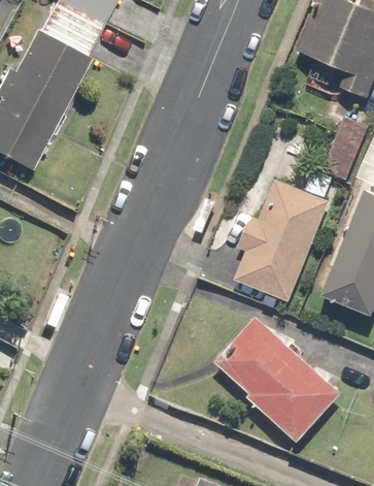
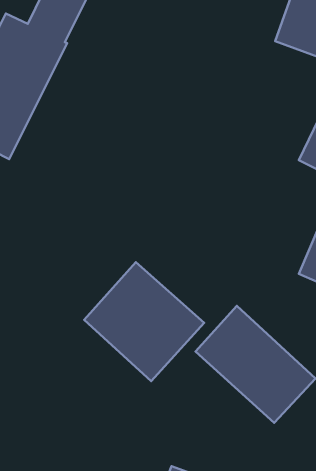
building: [231,180,326,299] -> none
building: none -> [84,262,204,381]

